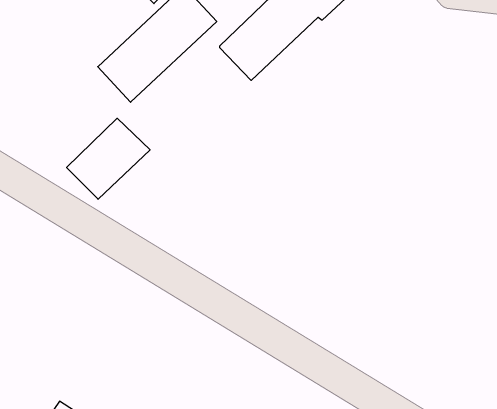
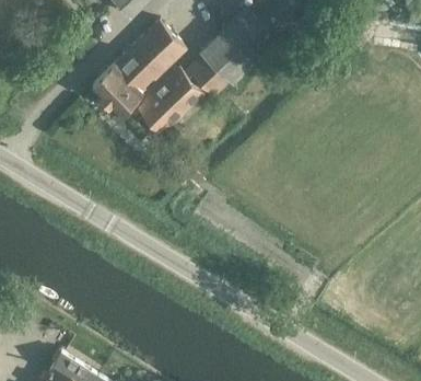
building: [67,118,150,199] -> [131,64,198,128]

